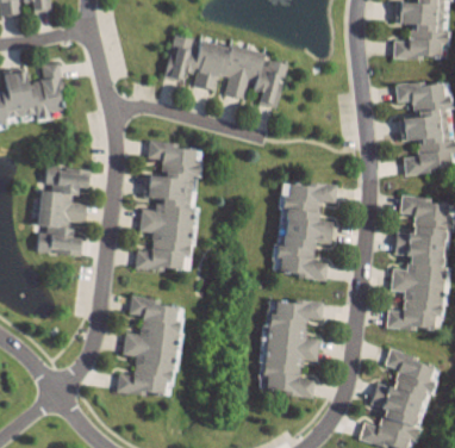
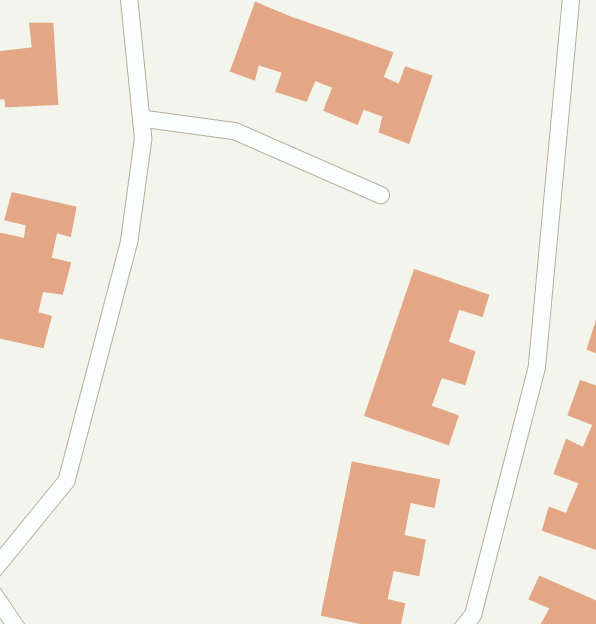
building: [137,144,195,270] -> none
building: [117,297,177,397] -> none

